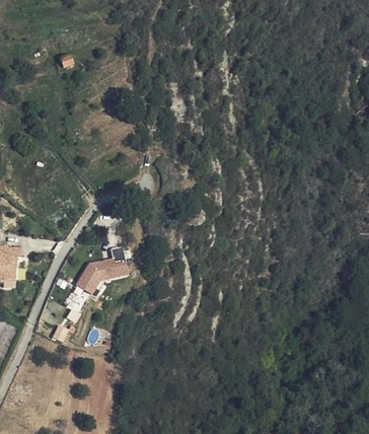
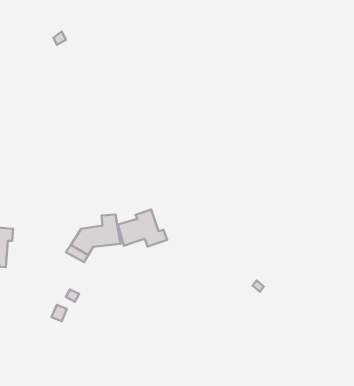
building: none -> [118,209,167,246]

